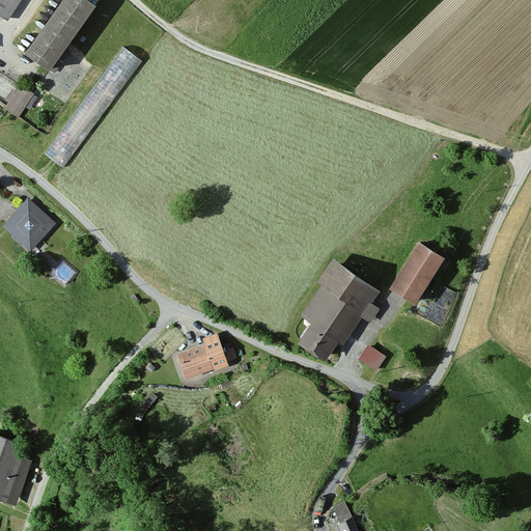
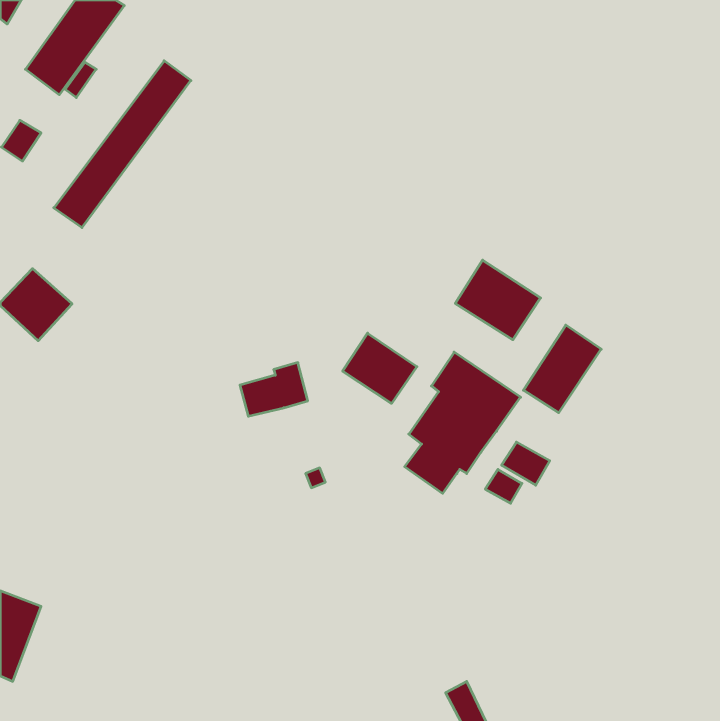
building: none -> [455,260,541,340]
building: none -> [343,333,417,403]
building: none -> [502,442,550,485]
building: [176,337,226,376] -> [240,363,308,416]

